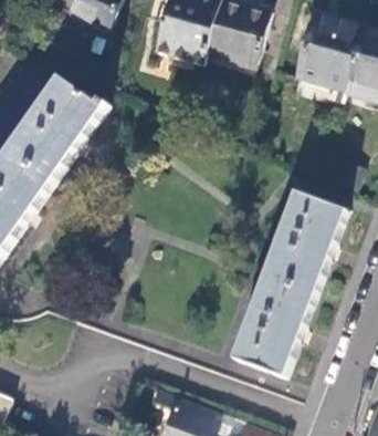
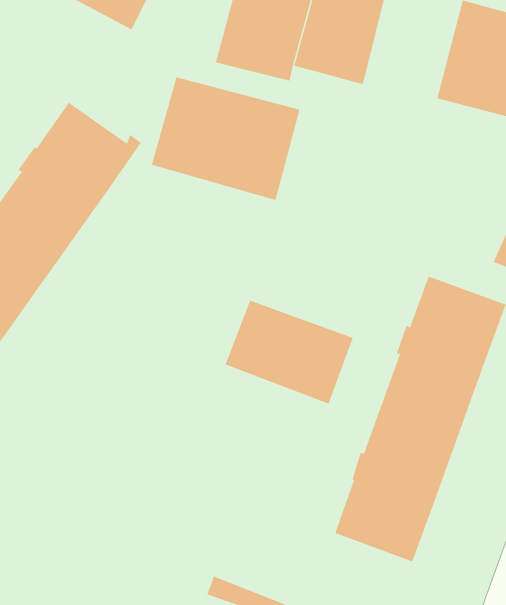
building: none -> [151,76,300,201]
building: none -> [225,300,353,405]

